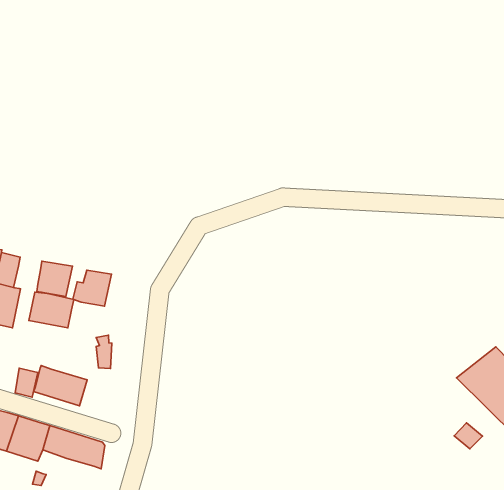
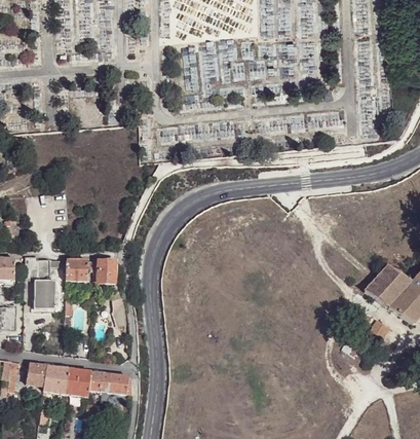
building: [29,292,74,328] -> none
building: [34,366,87,406] -> none

